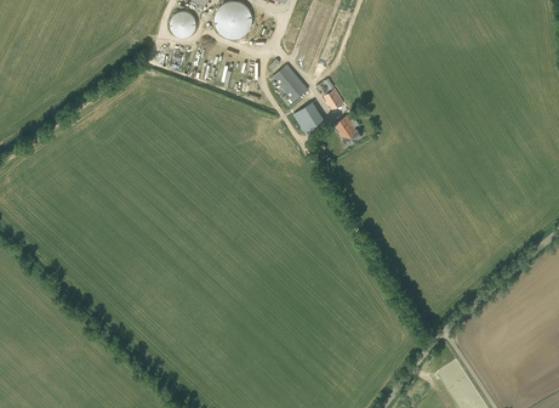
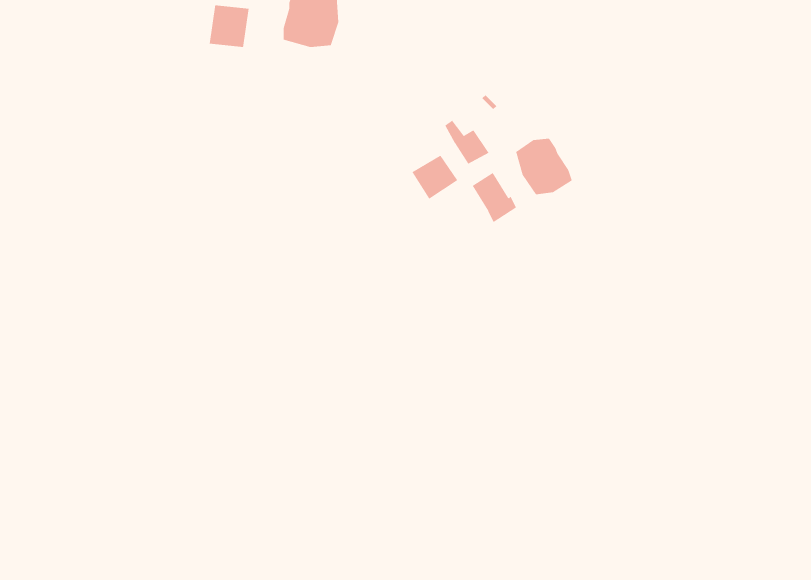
building: [272,63,308,102] -> none
building: none -> [515,138,573,195]

